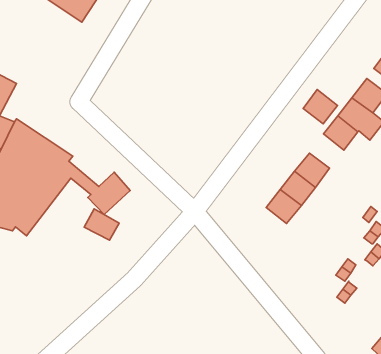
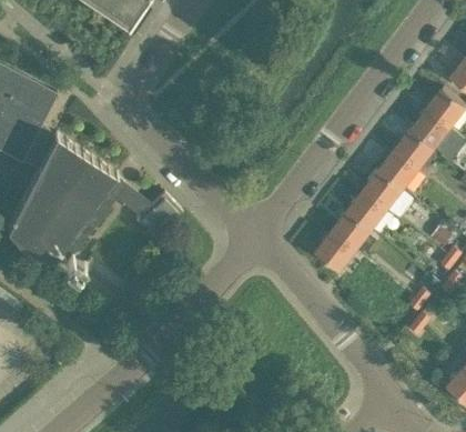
building: [303,89,337,124] -> [377,151,415,189]
building: none -> [313,232,352,271]
building: [84,209,119,240] -> none

